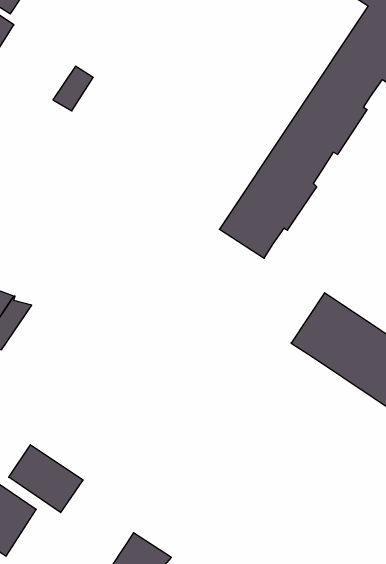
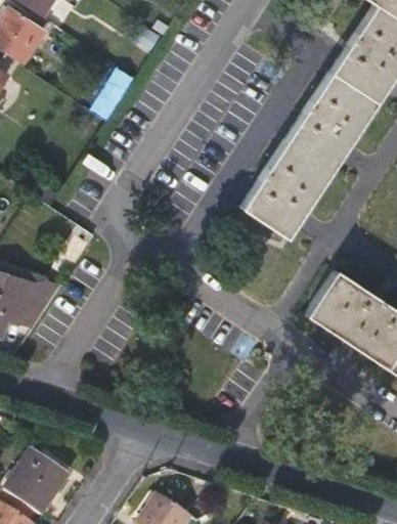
building: [9,445,83,513] -> none

